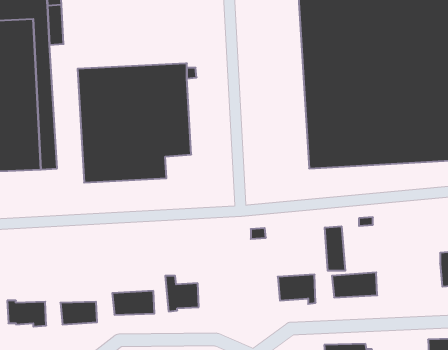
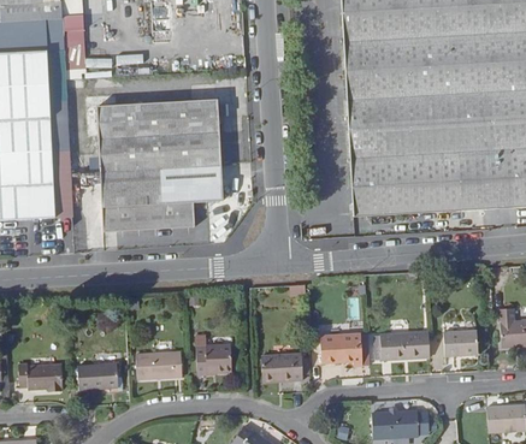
building: [325,226,345,271] -> none
building: none -> [443,330,477,355]
building: none -> [261,354,302,381]

